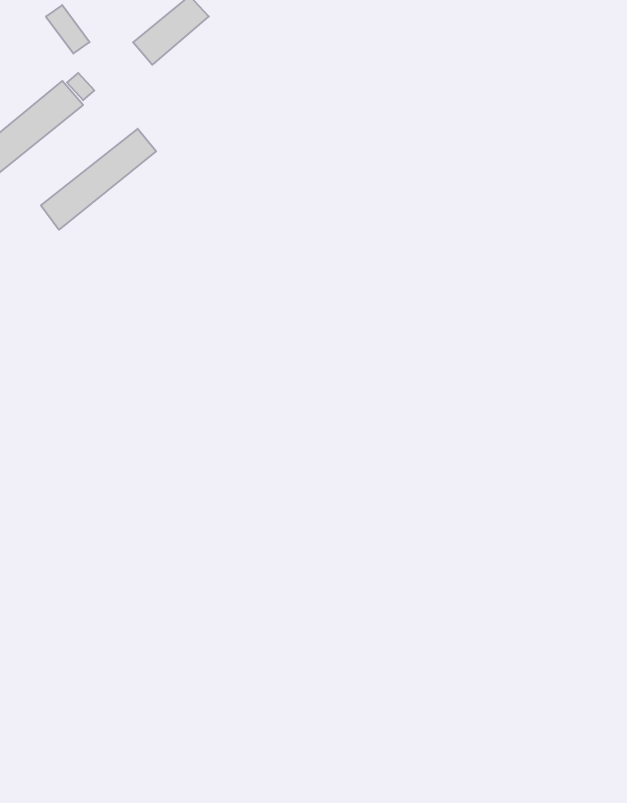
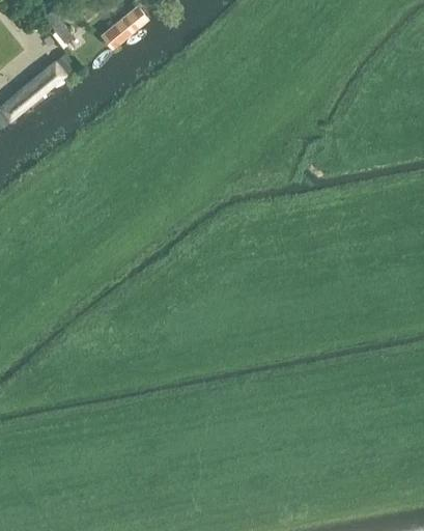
building: [41,129,156,230] -> none

